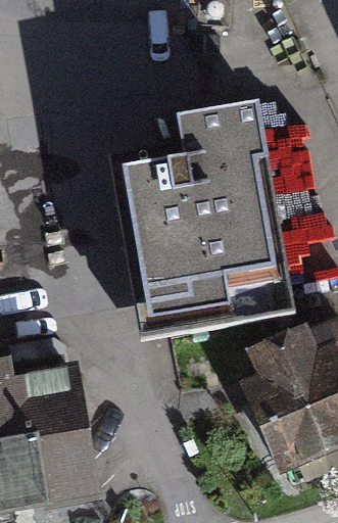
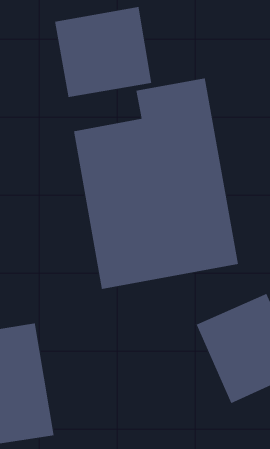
building: none -> [55,6,152,98]

